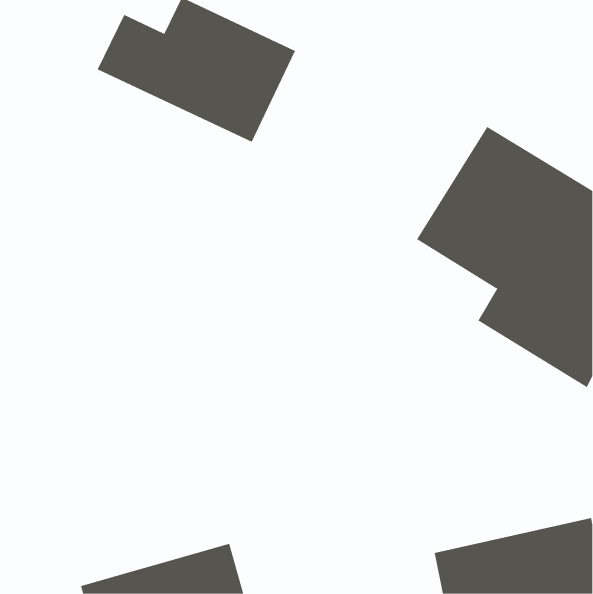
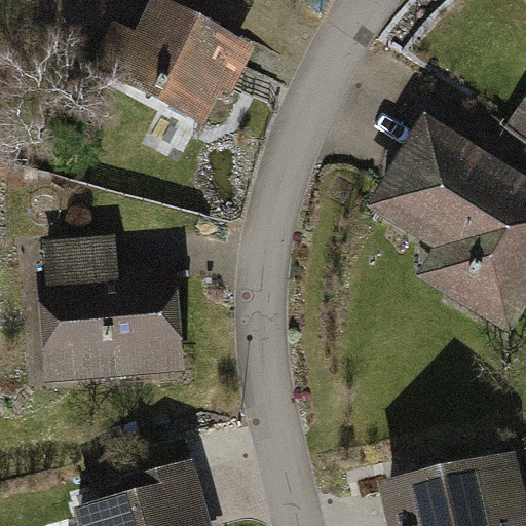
building: none -> [38,235,189,386]

